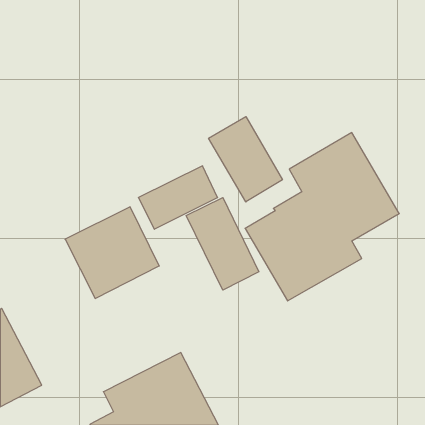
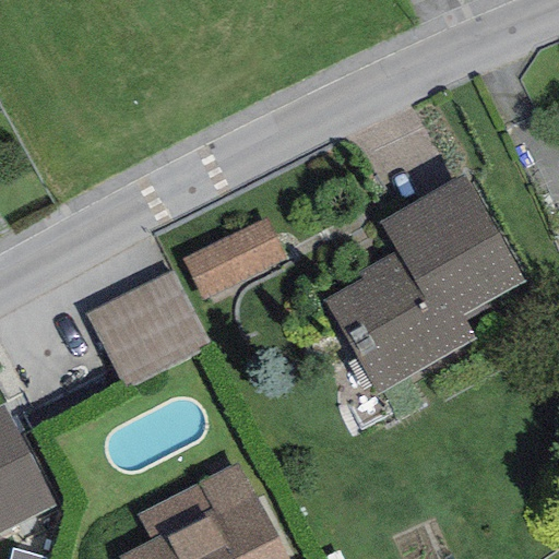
building: [209,117,282,202] -> none
building: [186,198,259,290] -> none

